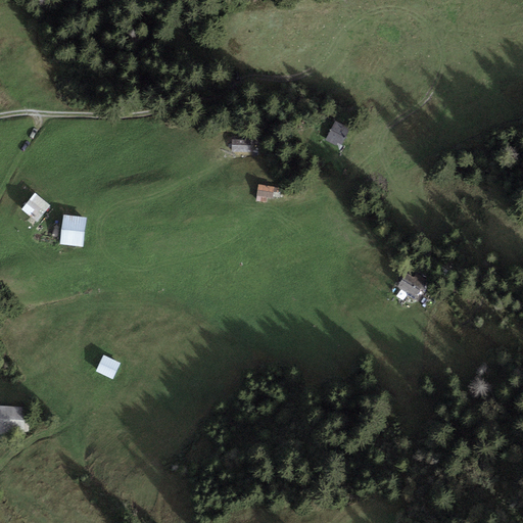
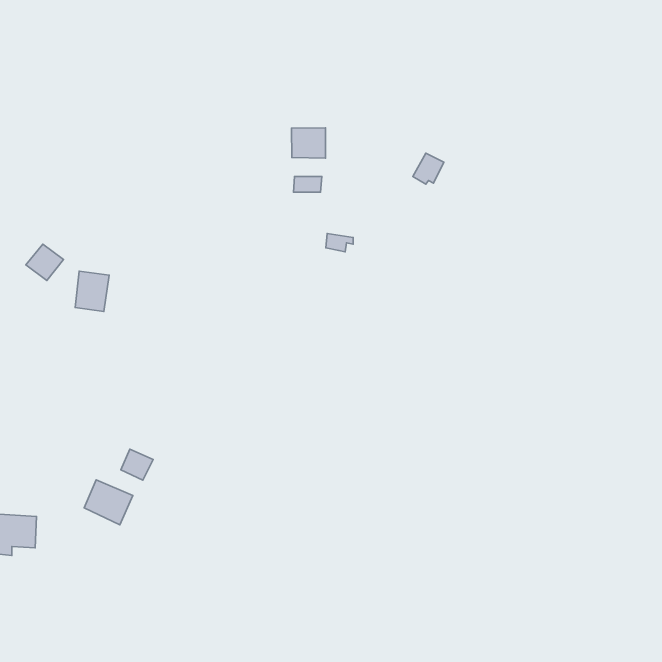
building: none -> [292,128,325,158]
building: [395,273,429,299] -> none
building: none -> [84,480,133,525]

